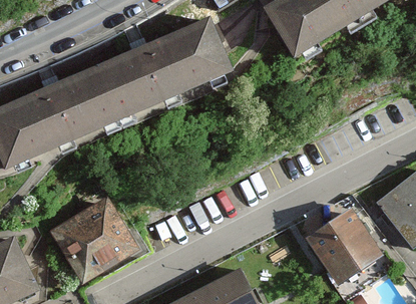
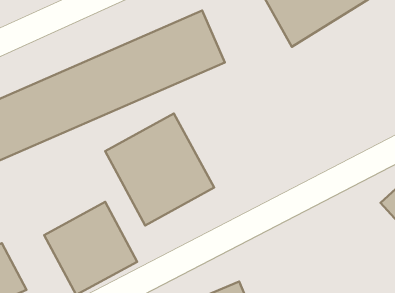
building: none -> [105,113,214,226]
building: [304,204,382,282] -> none

